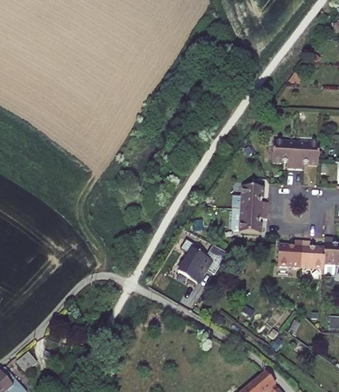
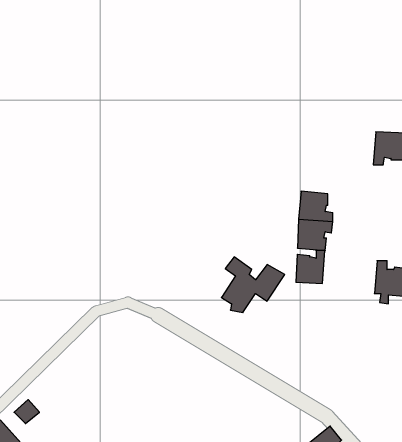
building: [276,136,300,164] -> none
building: [278,240,301,266] -> [296,251,325,283]

